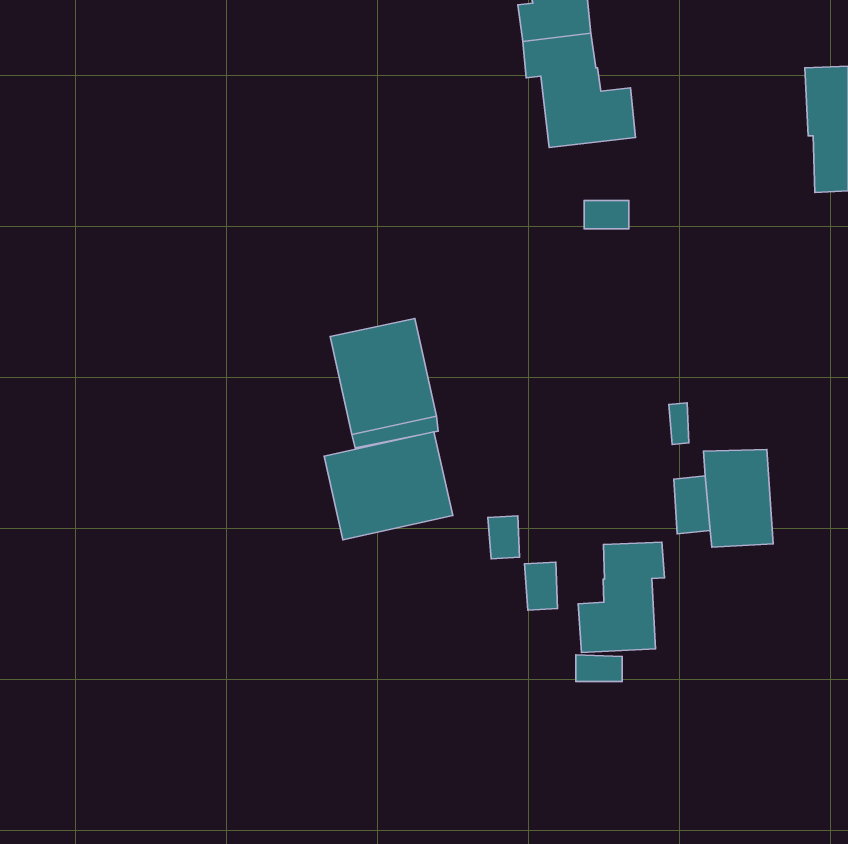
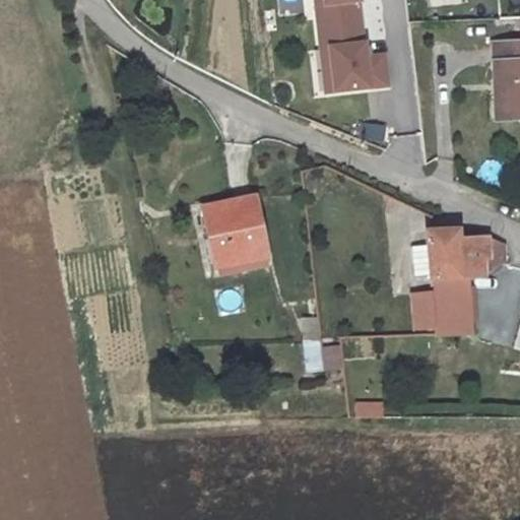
building: none -> [427,230,503,276]
building: [324,432,453,540] -> none
building: [578,542,664,653] -> none

